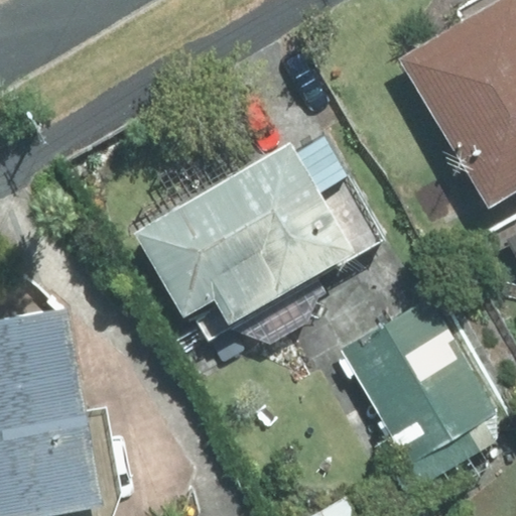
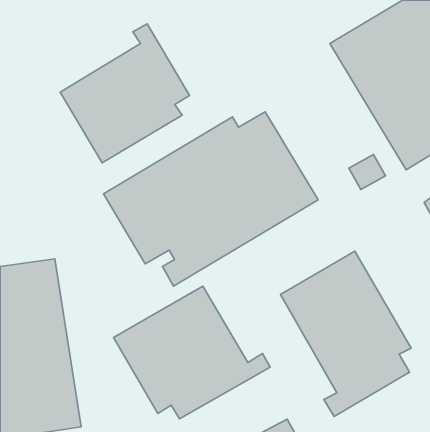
building: none -> [60,24,190,163]
building: none -> [114,286,270,419]

